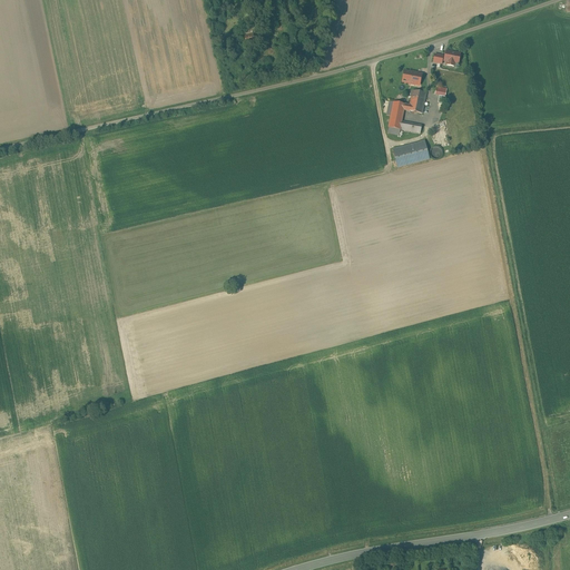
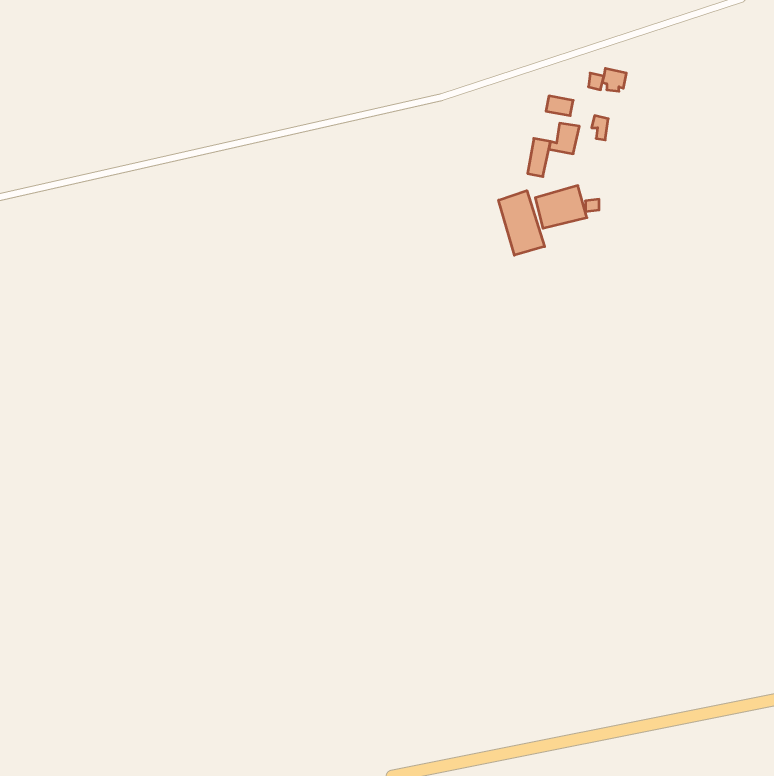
building: none -> [499,191,545,255]

